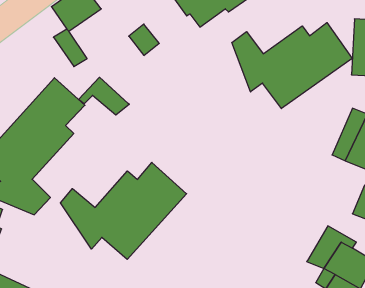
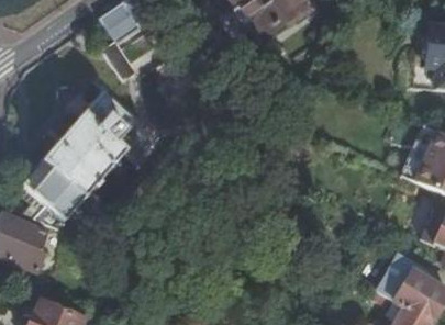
building: [232,23,352,109] -> none
building: [79,77,129,115] -> none
building: [60,162,187,259] -> none

